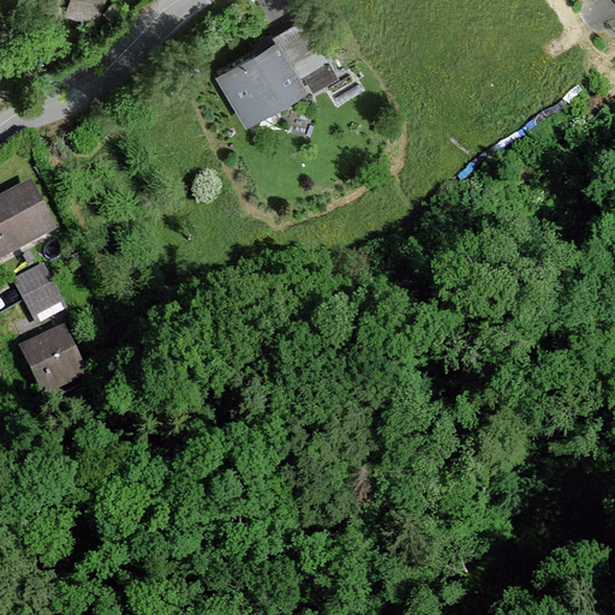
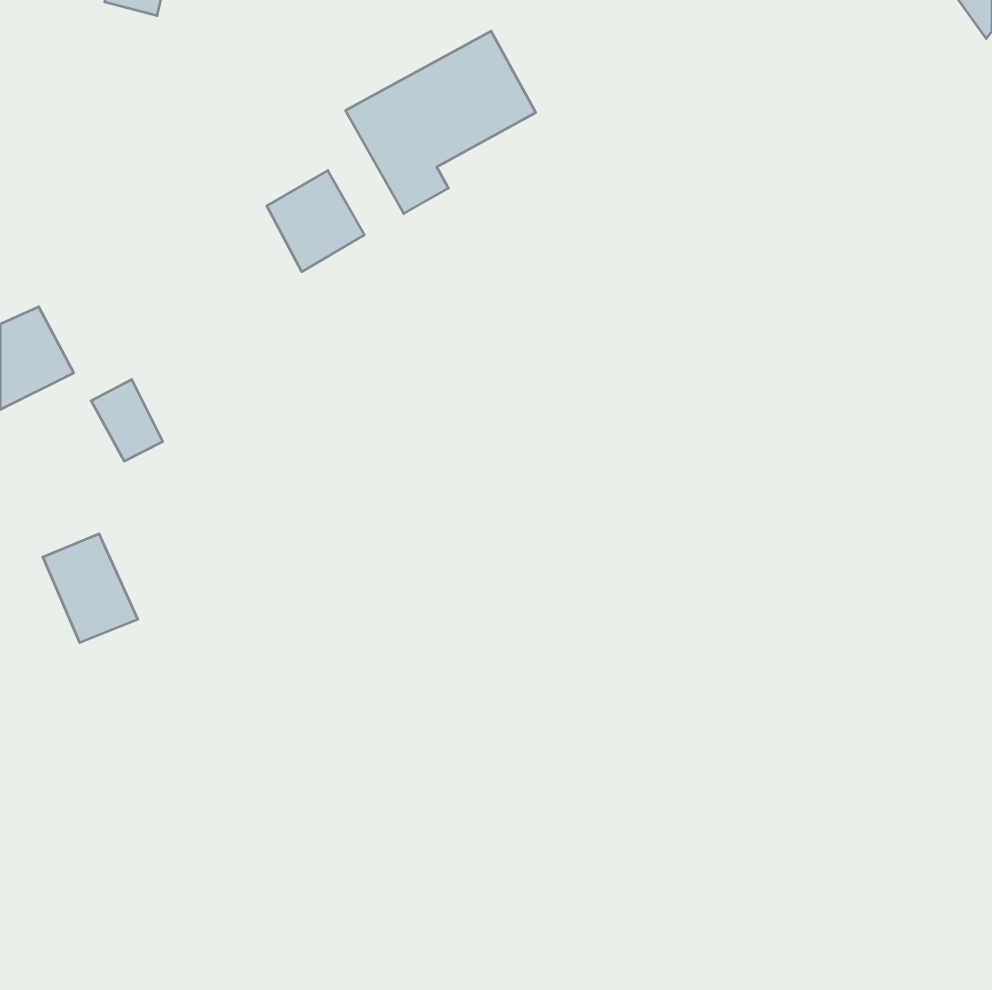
building: none -> [267,170,364,272]
building: [16,273,60,323] -> [91,379,163,461]

